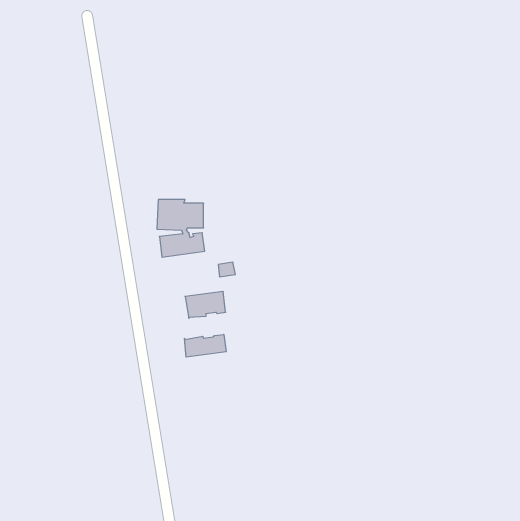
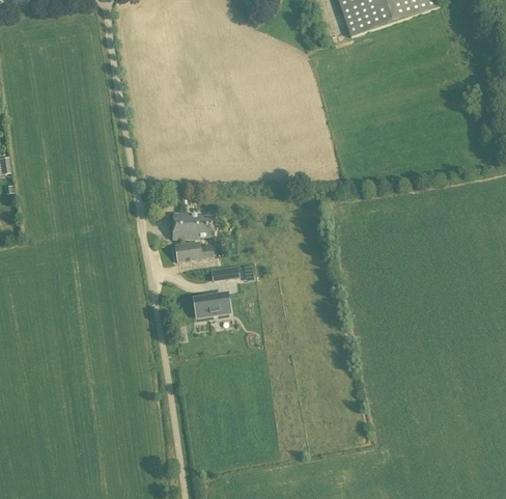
building: [185,334,226,357] -> none

